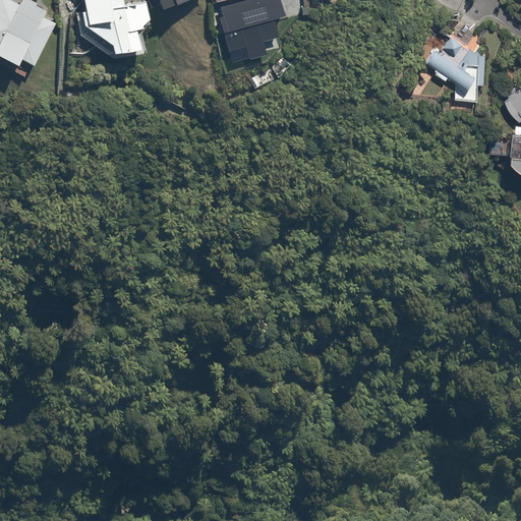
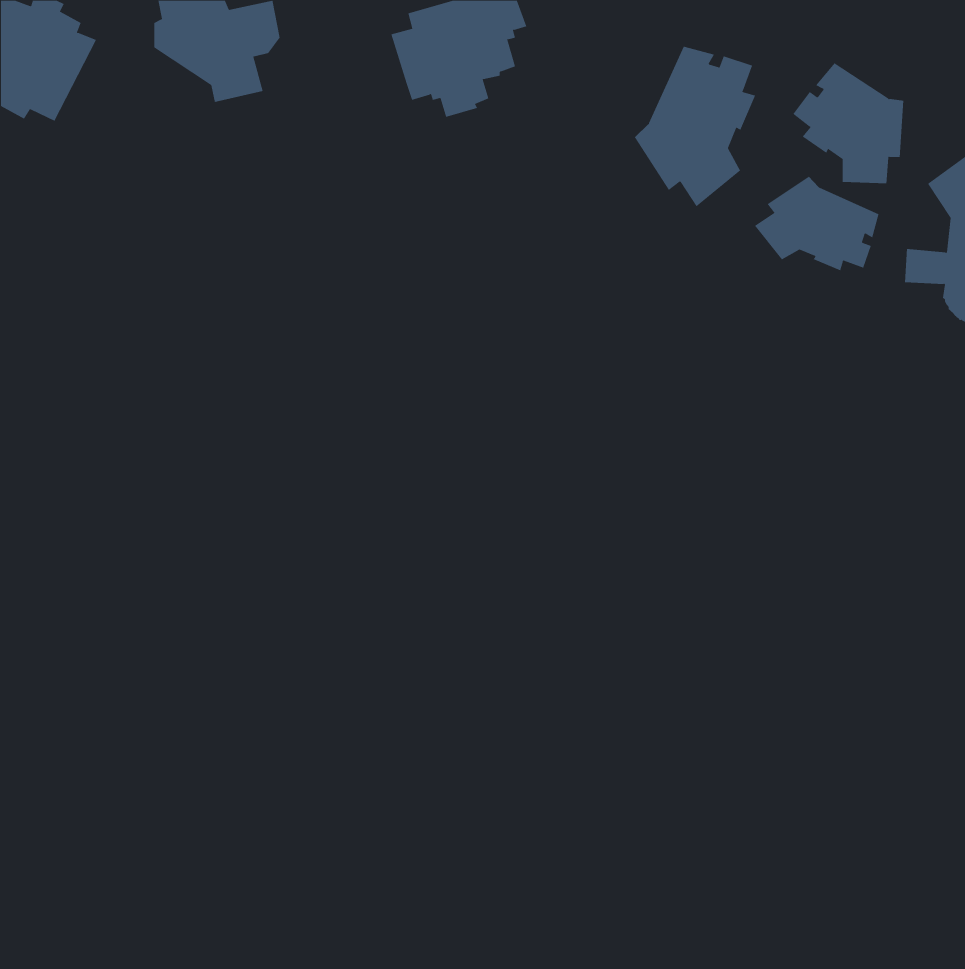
building: none -> [634,46,756,207]
building: none -> [754,176,879,271]

